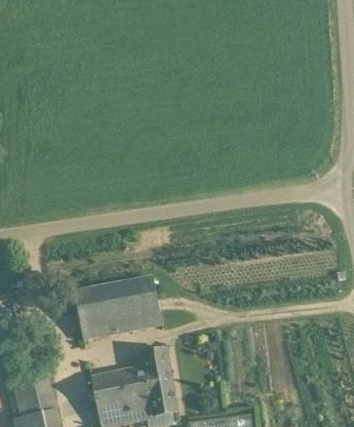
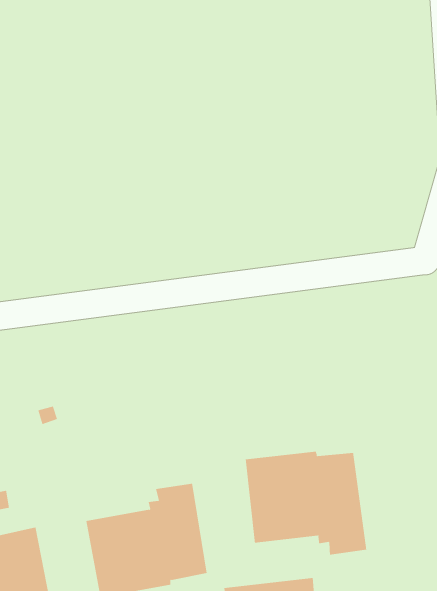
building: [72,276,161,342] -> none
building: none -> [245,451,367,555]

